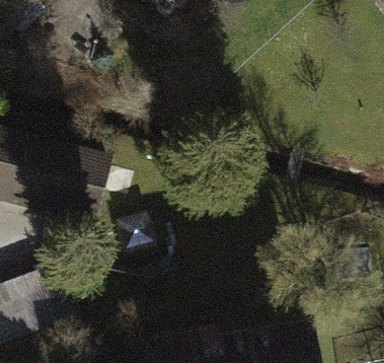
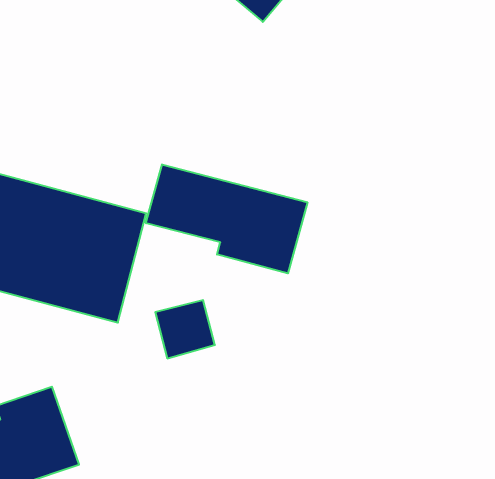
building: none -> [146,164,307,273]

